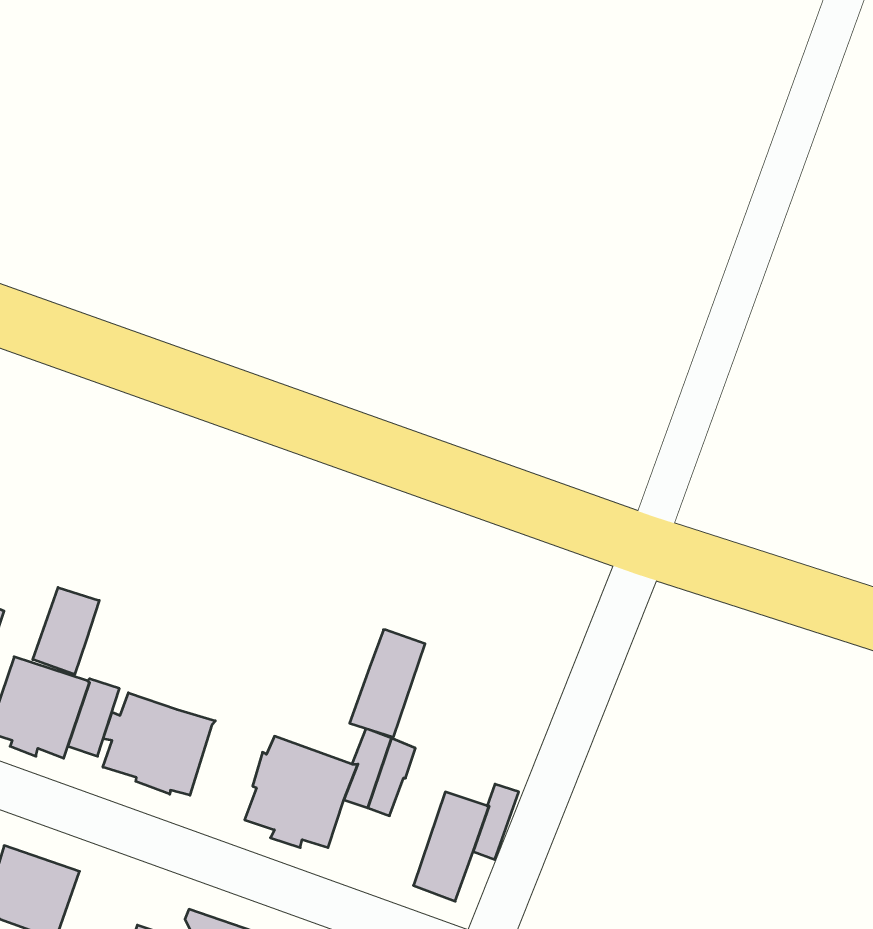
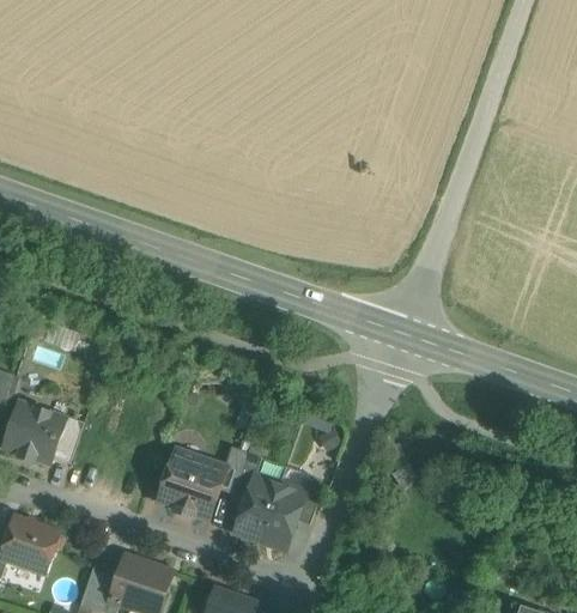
building: [33,587,99,675] -> none
building: [350,630,425,737] -> [233,474,279,539]
building: [103,693,215,795] -> none

